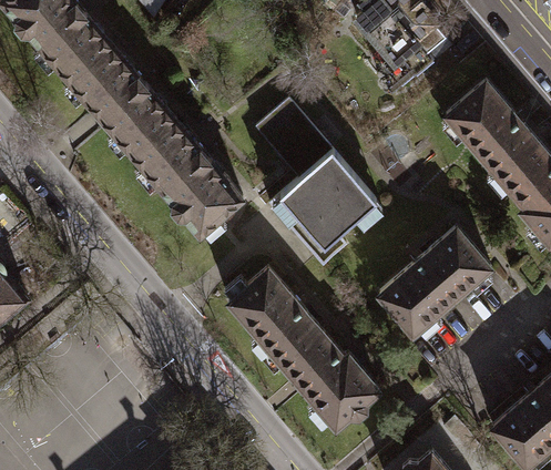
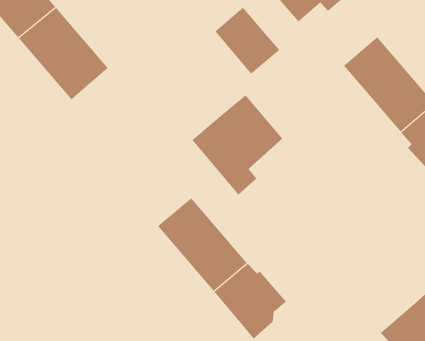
building: [256,99,333,177] -> [214,7,280,75]
building: [130,117,242,236] -> none
building: [378,225,492,335] -> none

